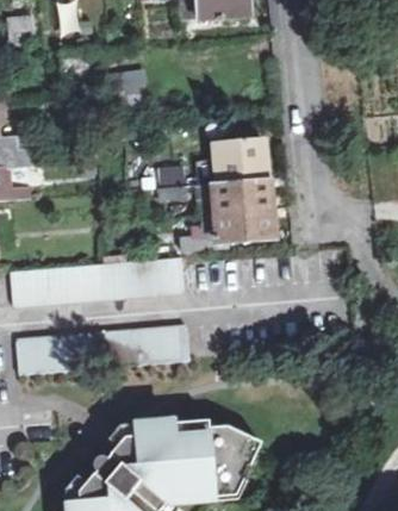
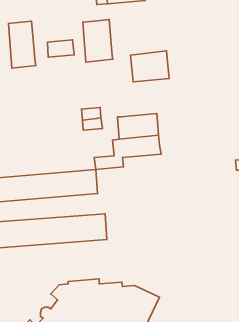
building: none -> [83,19,113,62]
building: none -> [9,21,36,68]
building: [210,138,265,182] -> [131,51,169,82]

